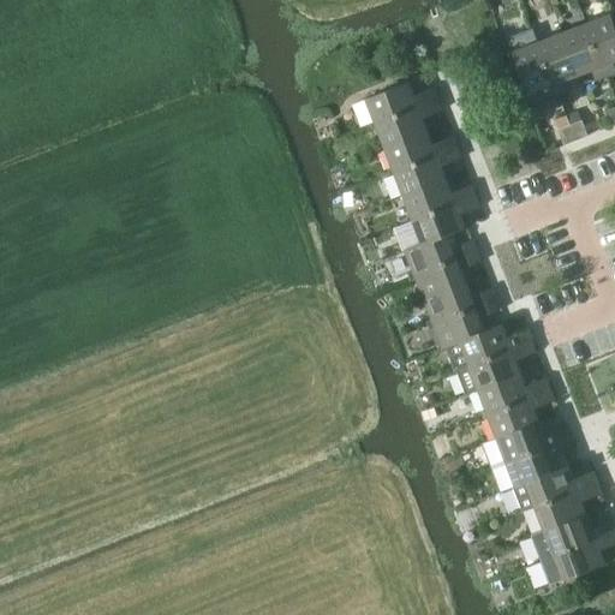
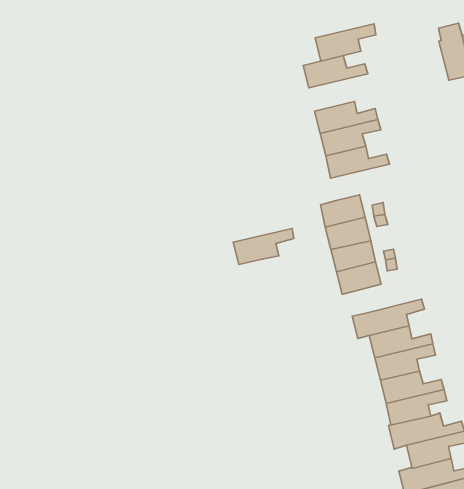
building: [374,98,441,148] -> [315,24,376,61]
building: [411,196,478,244] -> [233,228,294,265]
building: [444,324,530,371] -> none

